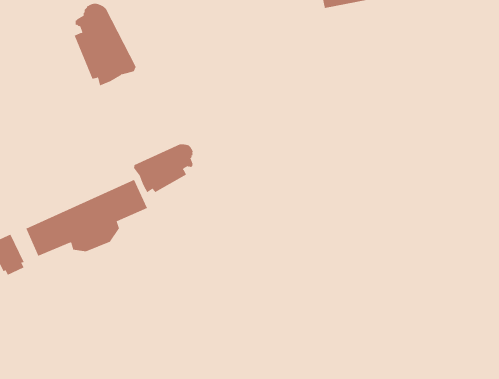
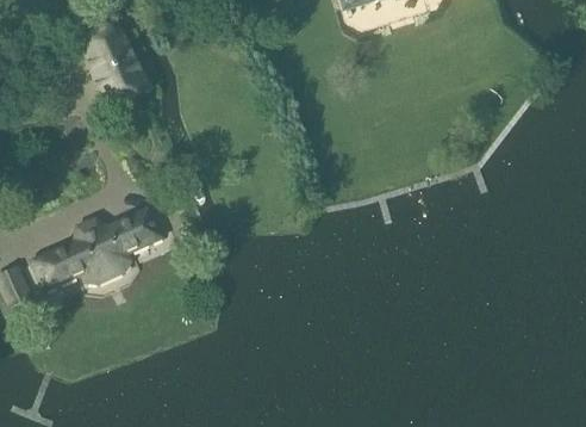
building: [133,143,193,193] -> none

